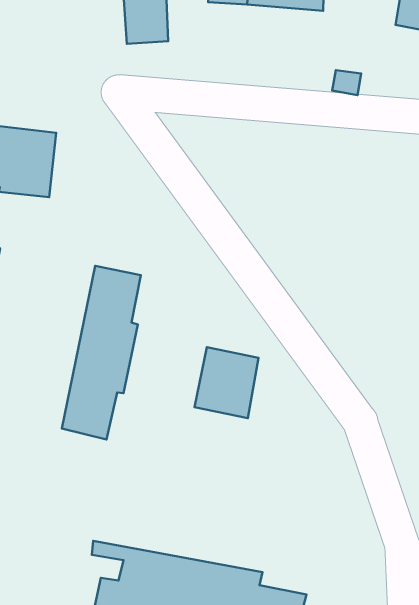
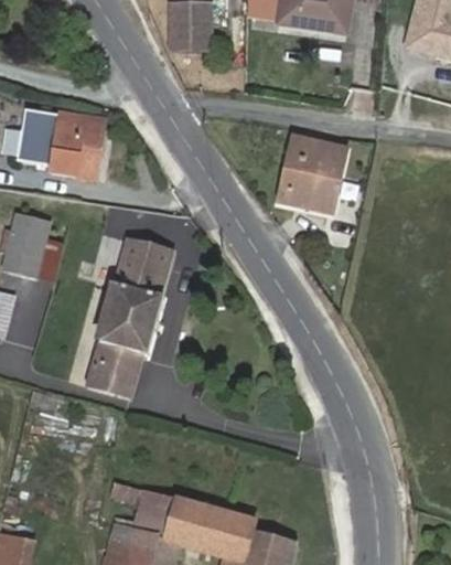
building: none -> [279,138,345,212]
building: [195,347,259,418] -> none

